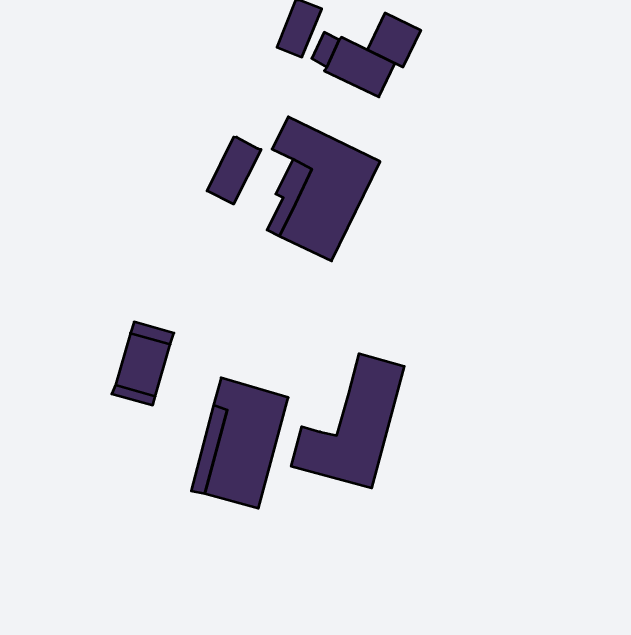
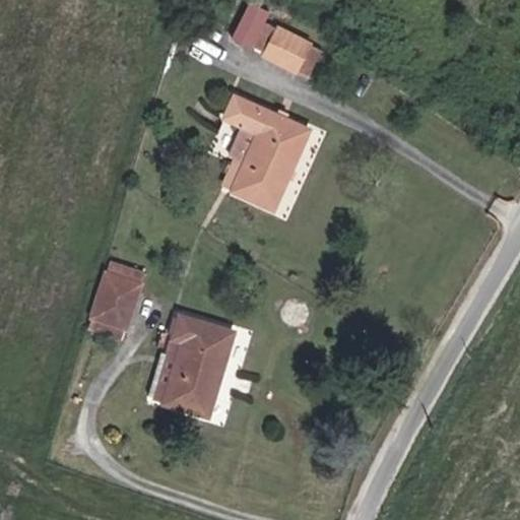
building: [367,13,421,67] -> none
building: [207,137,261,204] -> none
building: [291,354,404,488] -> none

